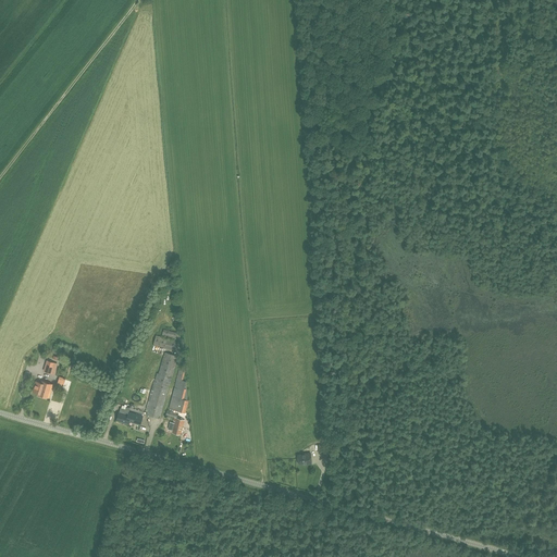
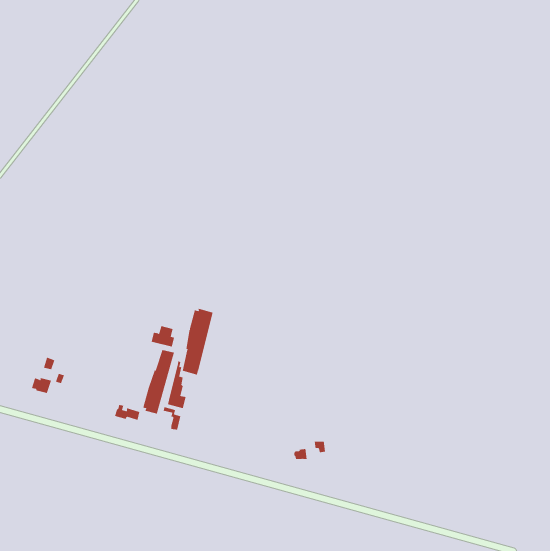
building: none -> [182,308,213,375]

